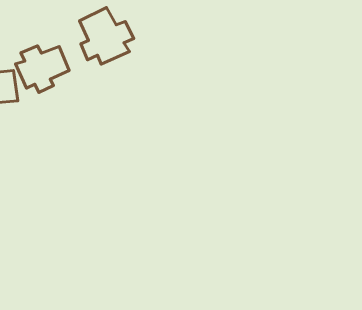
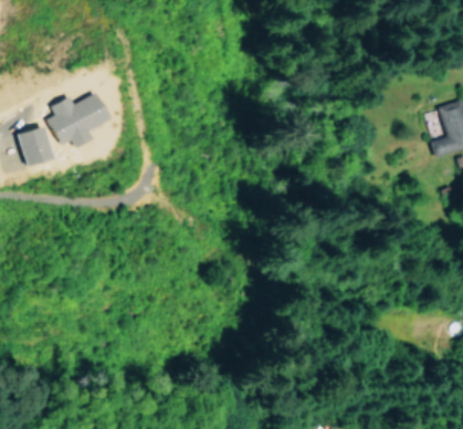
building: [79,7,134,64] -> none

